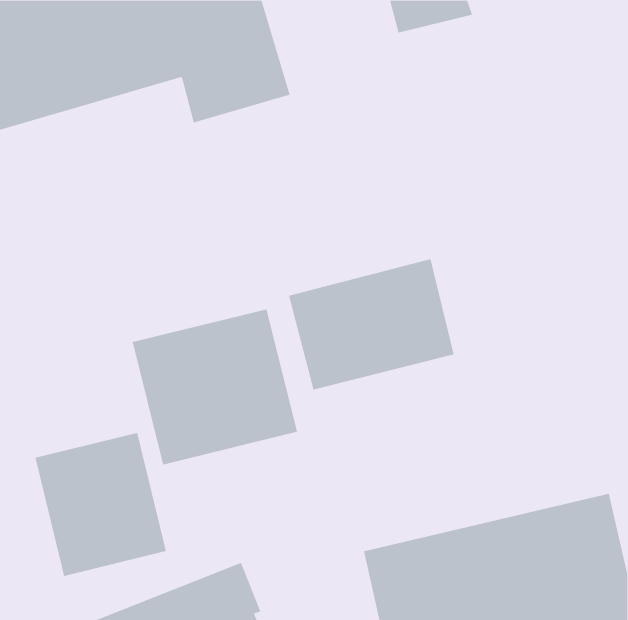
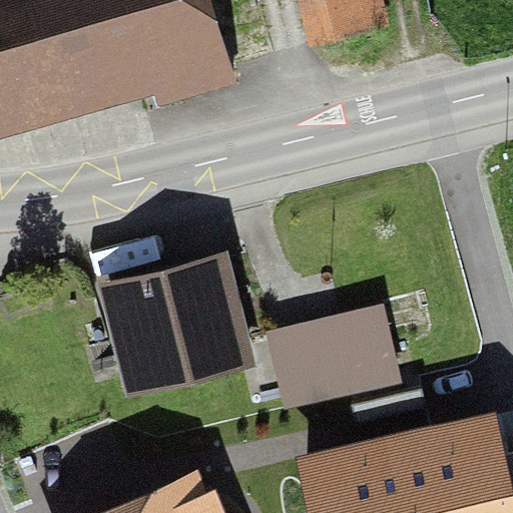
building: [288,259,454,390] -> [266,306,401,413]
building: [35,432,166,577] -> none

